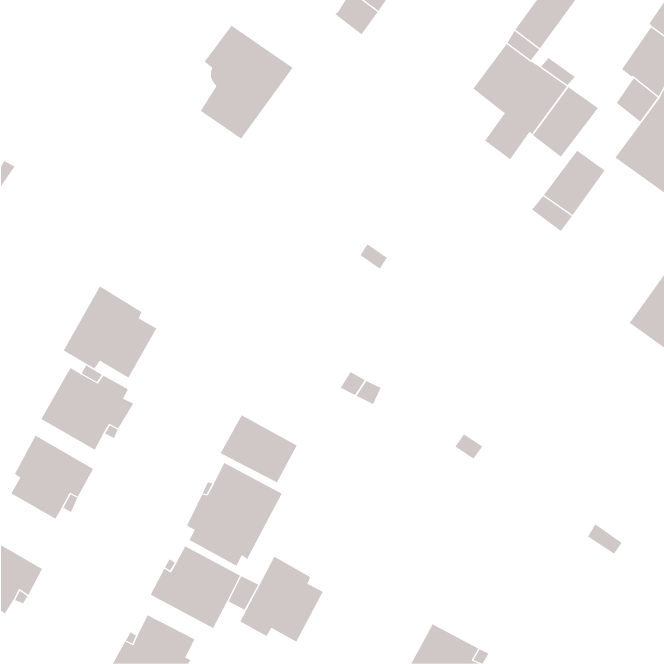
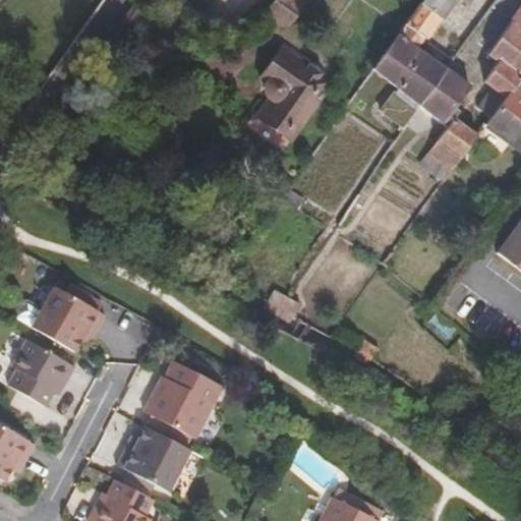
building: [200,25,294,140] -> [256,49,330,138]
building: [63,286,157,379] -> none
building: [220,414,297,483] -> none
building: [240,556,323,642] -> none

